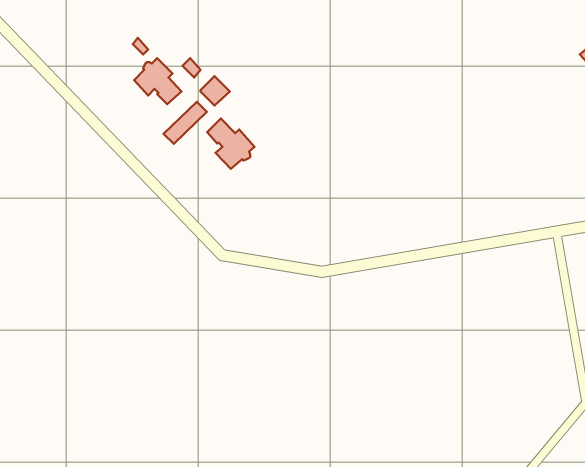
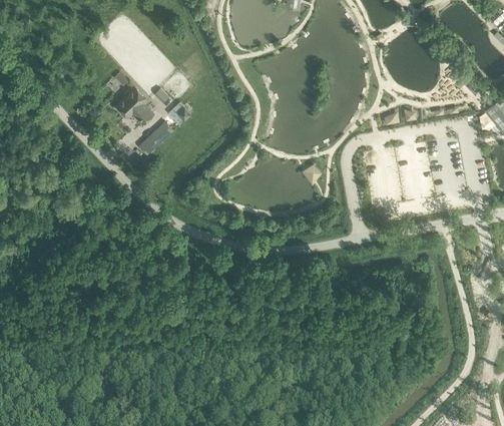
building: [207,118,255,169] -> none

